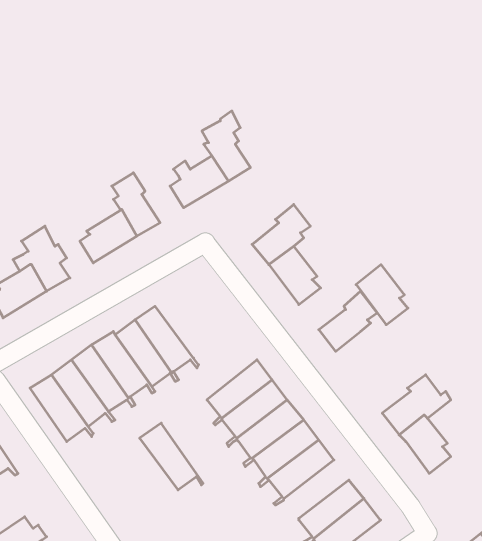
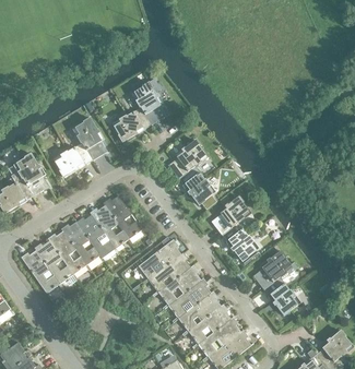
building: [356,265,408,325] -> [222,221,256,260]
building: [140,423,203,490] -> [104,194,145,238]
building: none -> [188,305,230,347]

